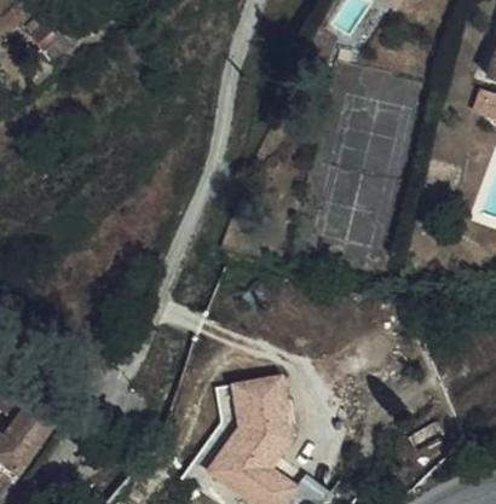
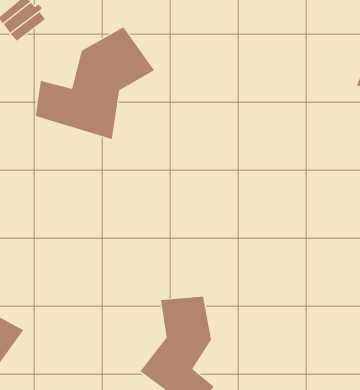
building: none -> [35,26,155,140]

